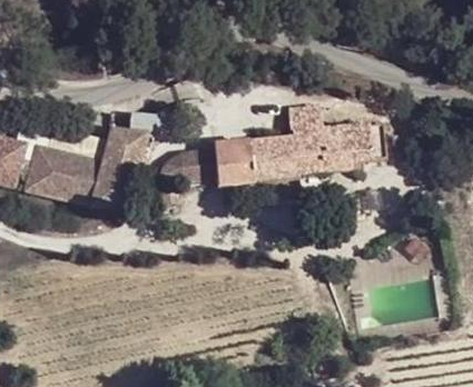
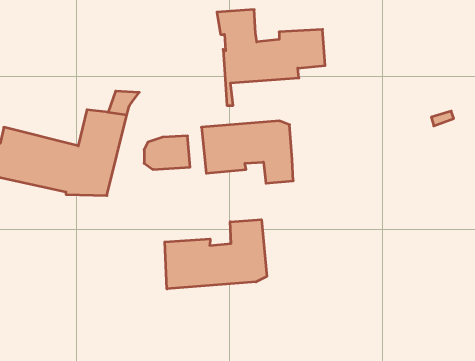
building: [285,105,382,190] -> [217,10,325,105]
building: none -> [165,220,267,289]

